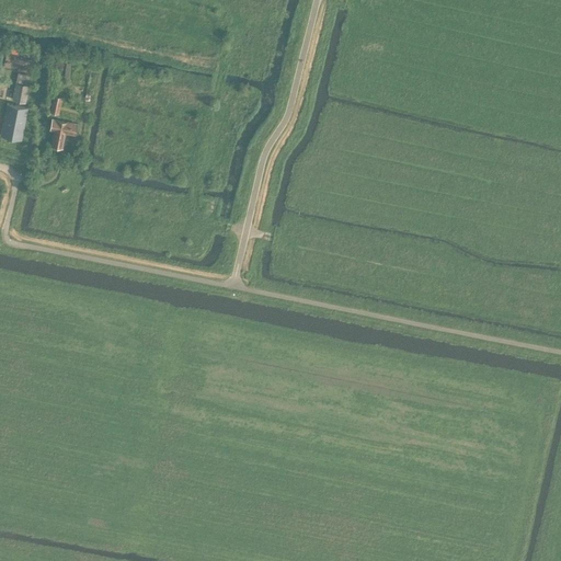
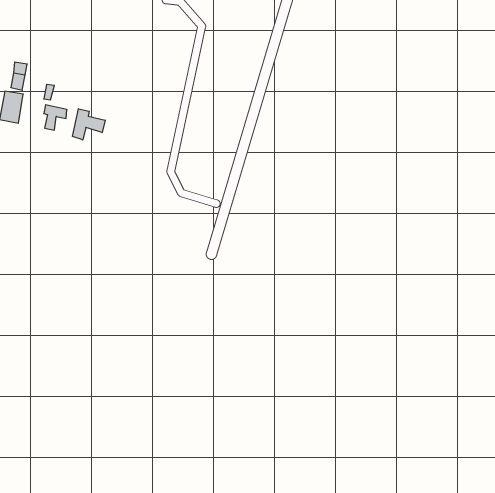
building: none -> [72,109,105,140]

